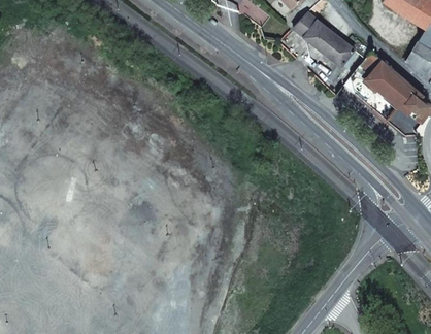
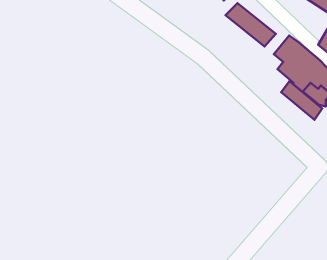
building: none -> [281,81,322,120]

